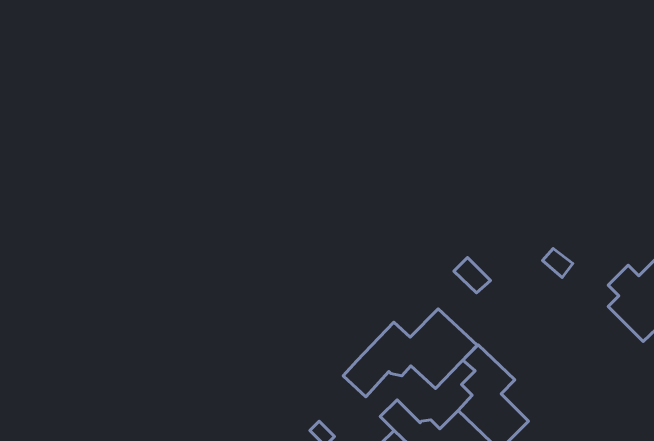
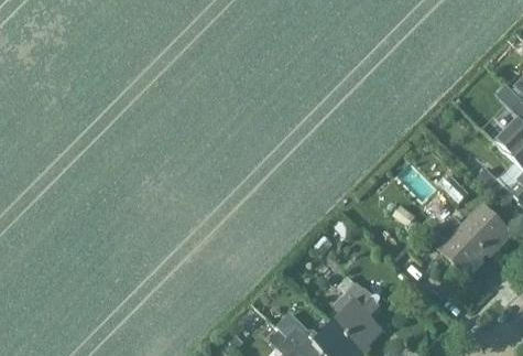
building: [343,309,477,397] -> none

